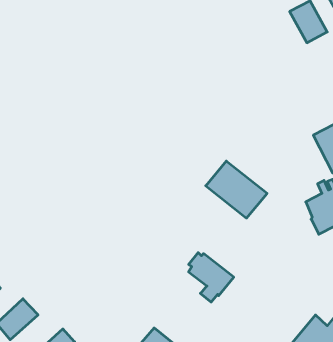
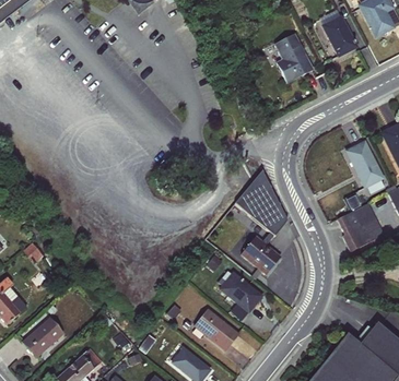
building: none -> [273,33,314,83]
building: none -> [240,235,281,274]
building: none -> [192,308,239,352]

